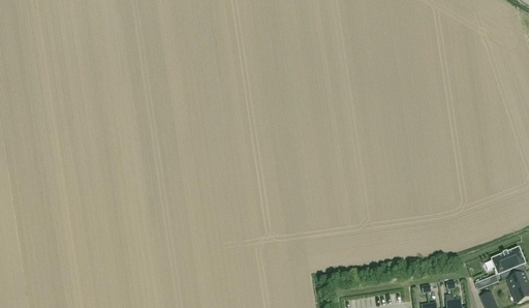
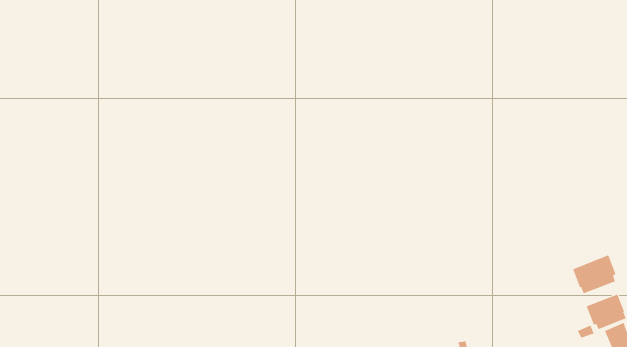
building: none -> [572,255,616,294]

